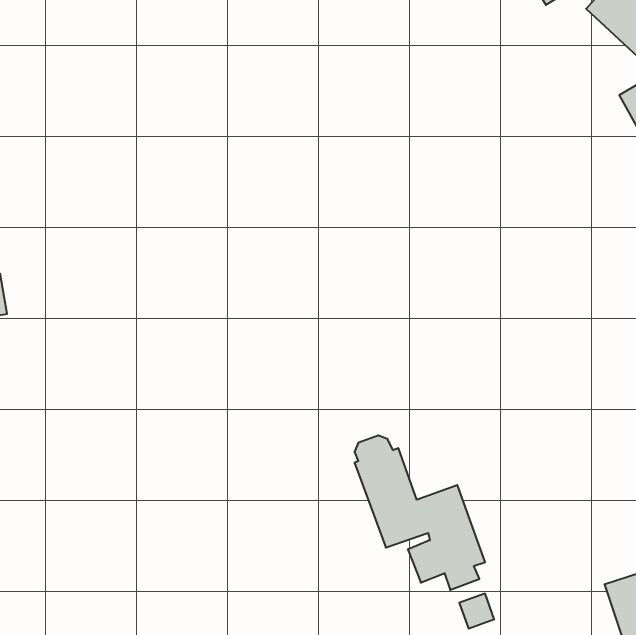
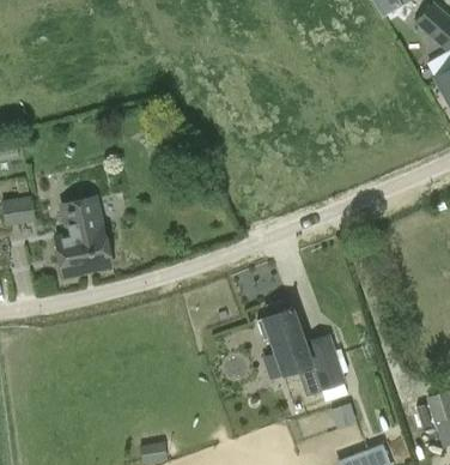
building: none -> [53,195,110,278]

